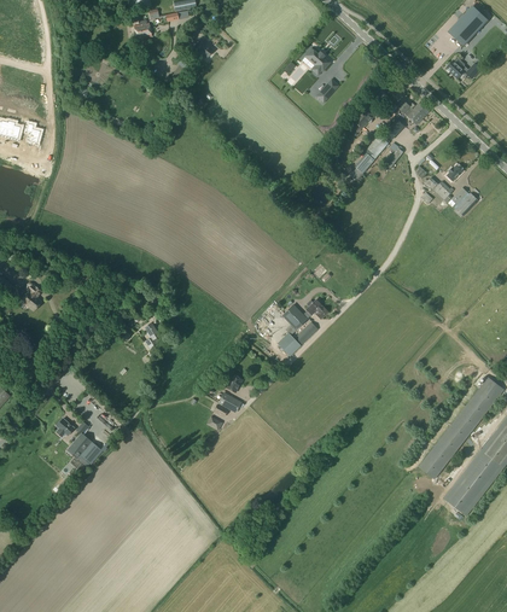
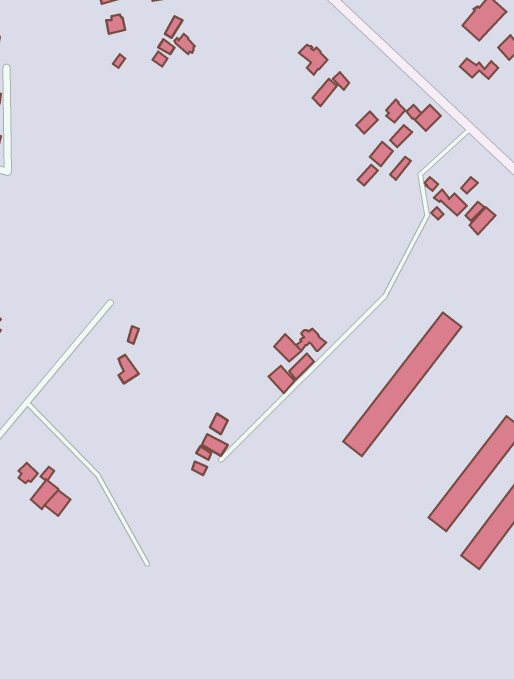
building: none -> [343,312,462,456]

